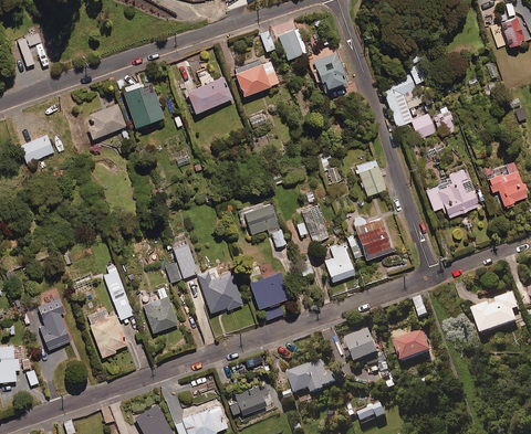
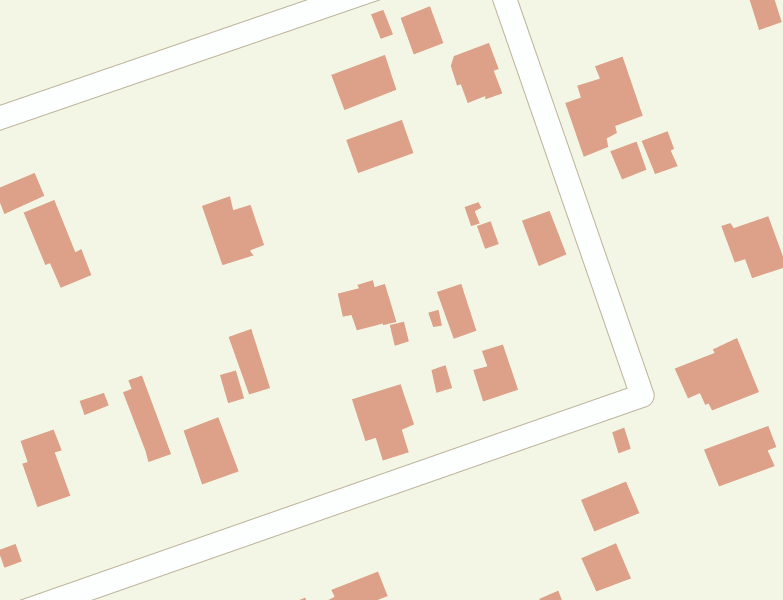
building: [187,78,231,114] -> [345,119,415,174]
building: [122,83,163,128] -> [201,195,265,266]
building: [90,104,126,137] -> none
building: none -> [22,199,93,289]
building: [425,169,480,216] -> [673,337,760,412]
building: [354,218,391,260] -> none
building: [197,271,242,313] -> none
building: [87,309,127,356] -> none
building: [345,329,378,361] -> [580,542,632,593]
building: [288,361,339,393] -> none

